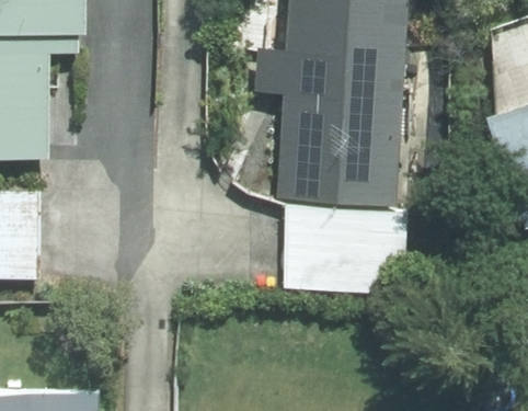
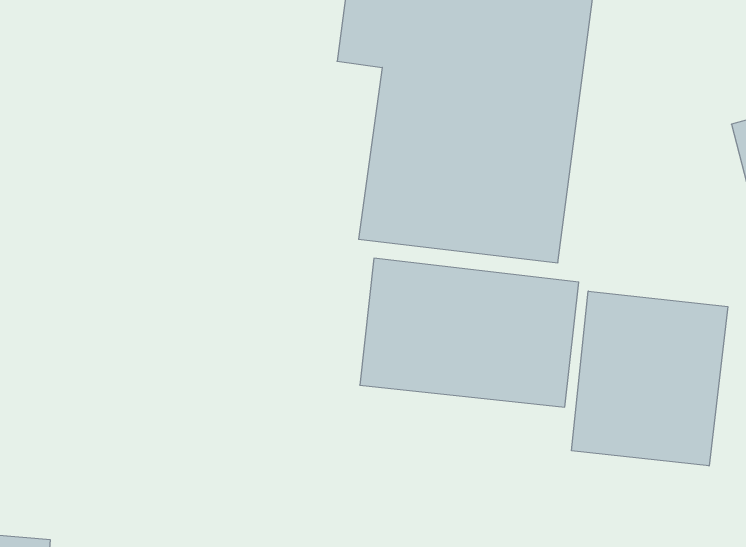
building: none -> [572,291,728,466]

